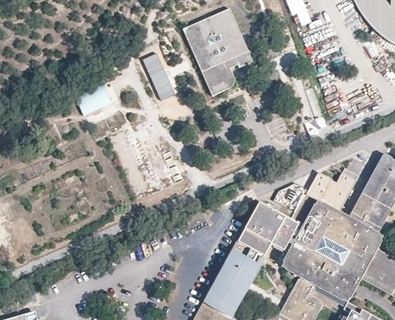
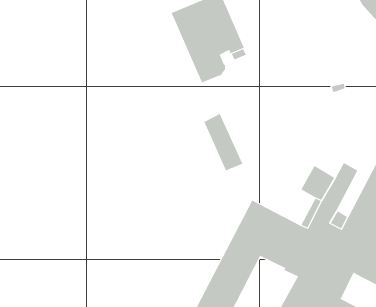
building: [140,47,178,102] -> [203,113,243,171]
building: [77,83,114,113] -> none

